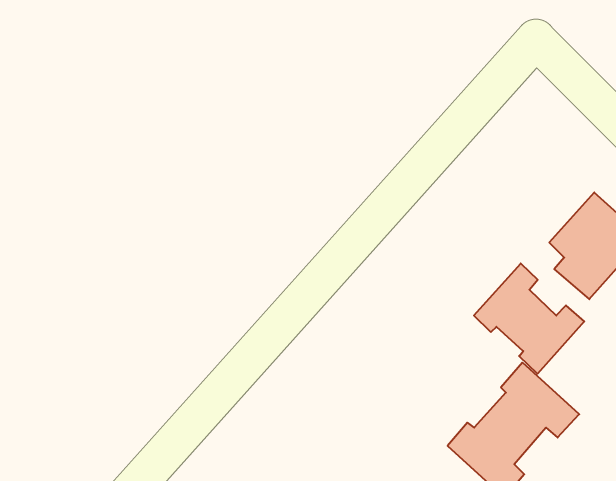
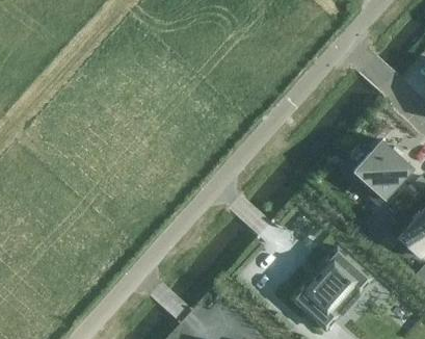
building: [474,263,584,374] -> none

